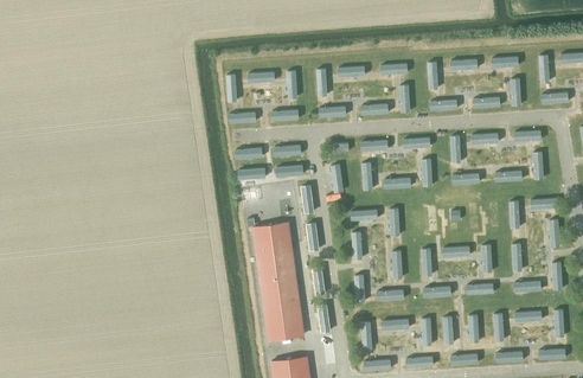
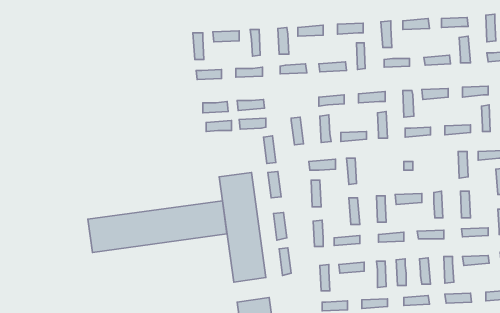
building: none -> [88,201,227,252]

